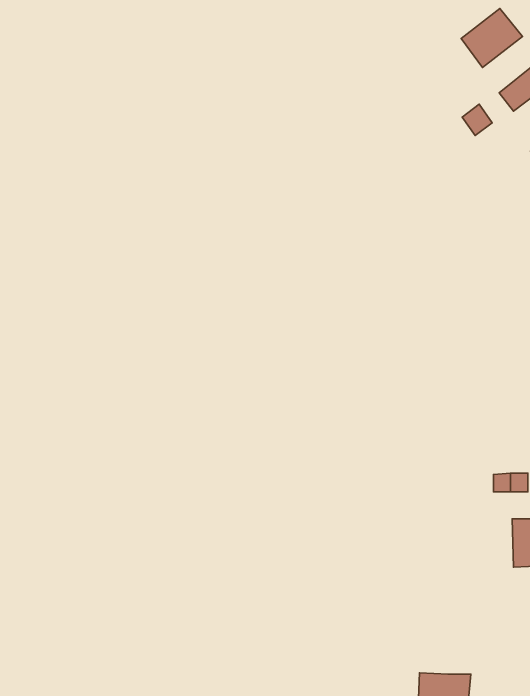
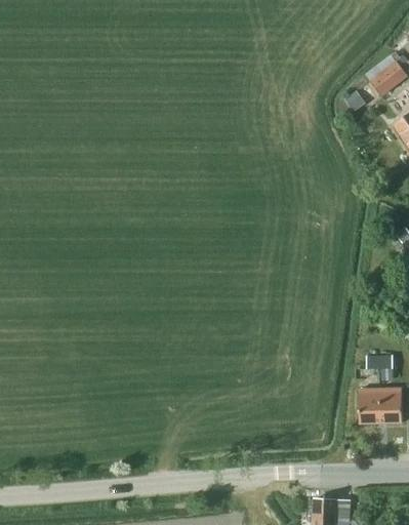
building: [461,9,523,67] -> none
building: none -> [359,389,381,423]

